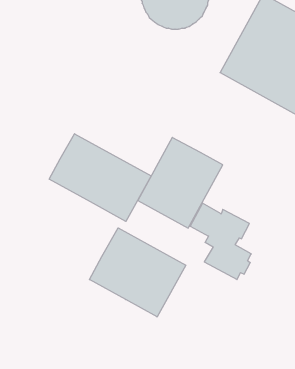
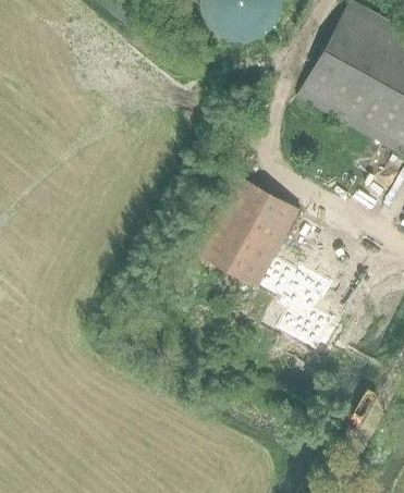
building: [49,134,151,221] -> none
building: [89,228,186,317] -> none

